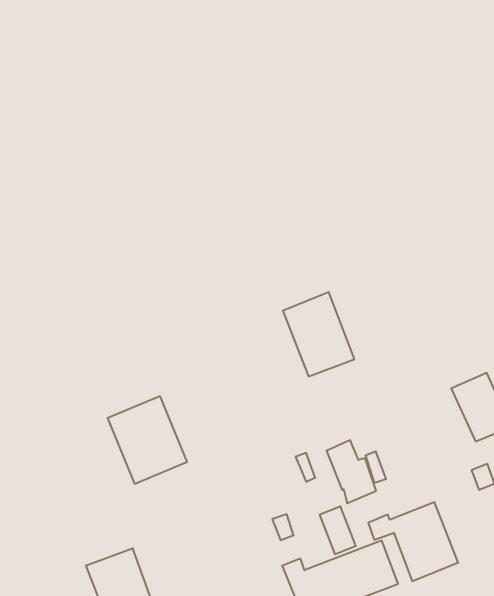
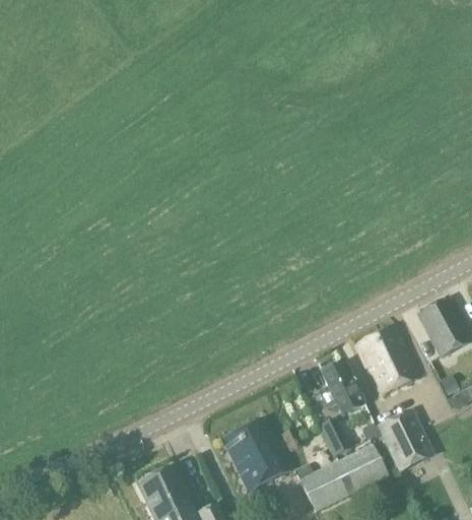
building: [283,292,354,376] -> [356,325,417,394]
building: [108,396,187,484] -> [221,418,288,491]

